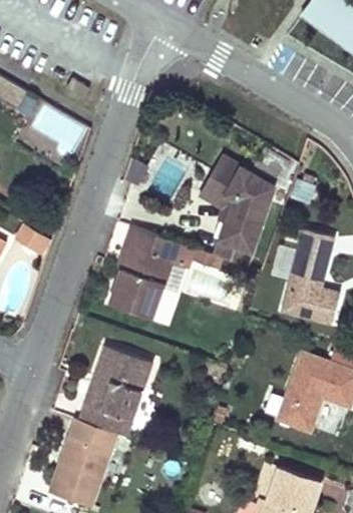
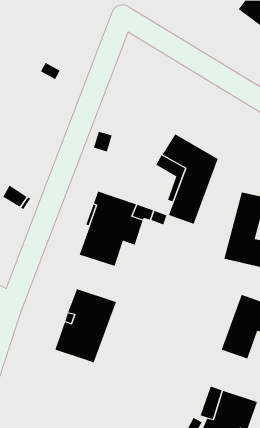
building: [50,417,115,506] -> none

